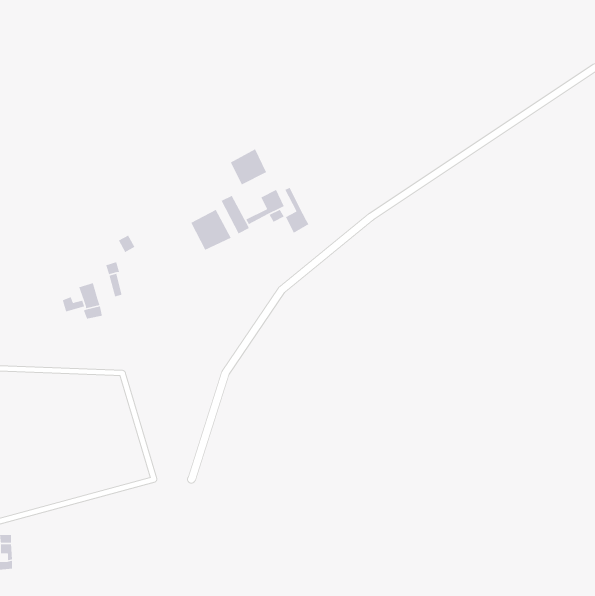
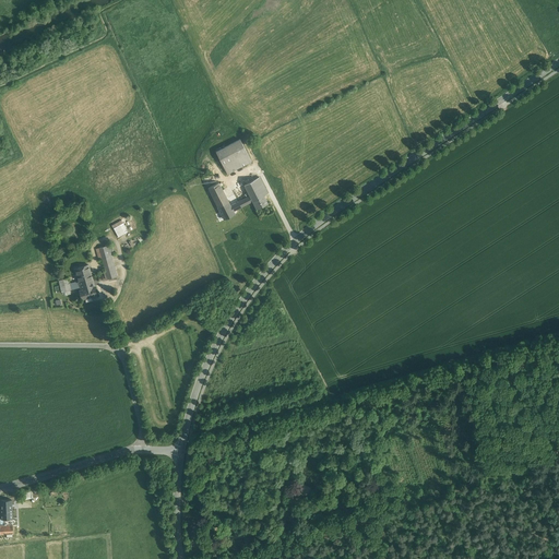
building: [284,187,310,234] -> none
building: [190,209,232,251] -> none

